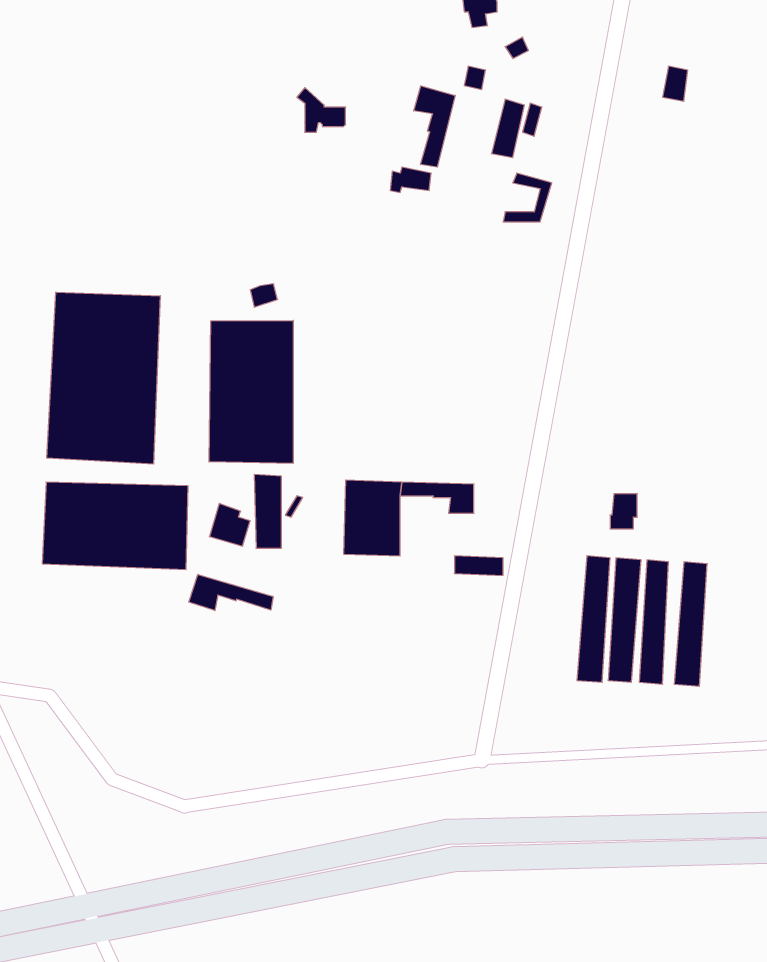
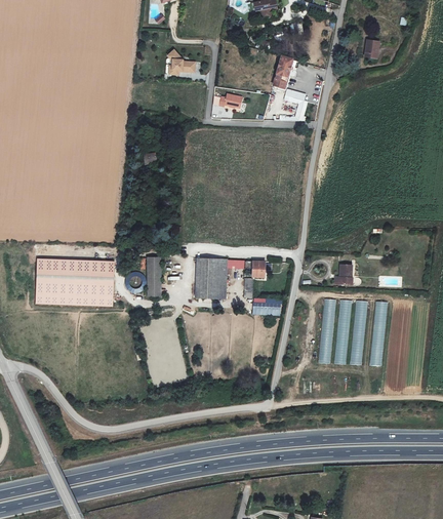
building: [414,86,455,167] -> none
building: [47,292,160,464] -> none
building: [209,320,293,463] -> none
building: [189,574,273,611] -> none

